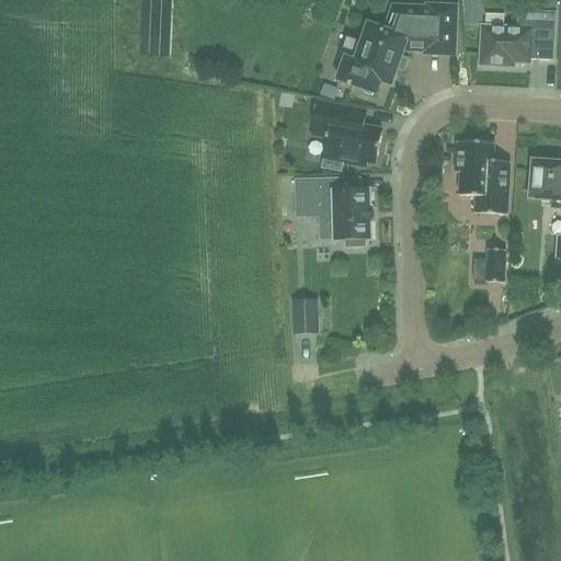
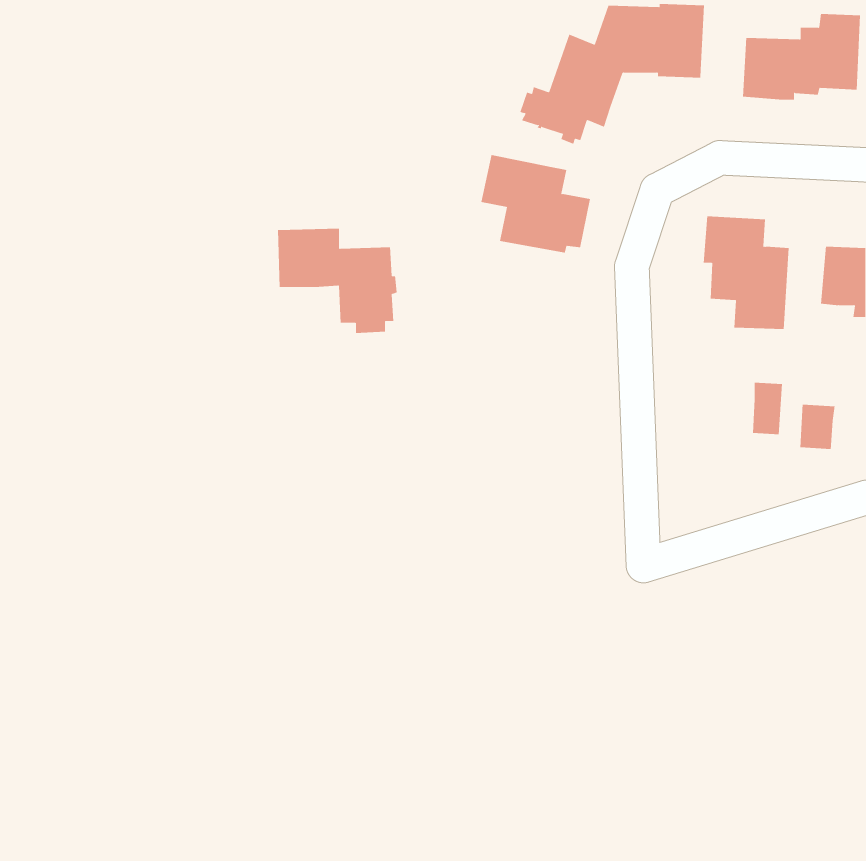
building: [294,176,371,244] -> [277,228,398,333]
building: none -> [800,404,835,450]
building: [295,298,318,330] -> none

